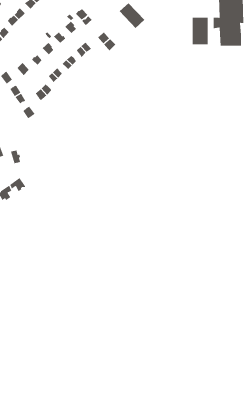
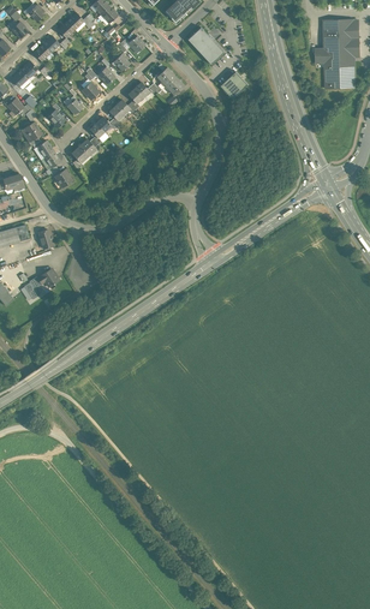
building: [192,17,208,45] -> none

